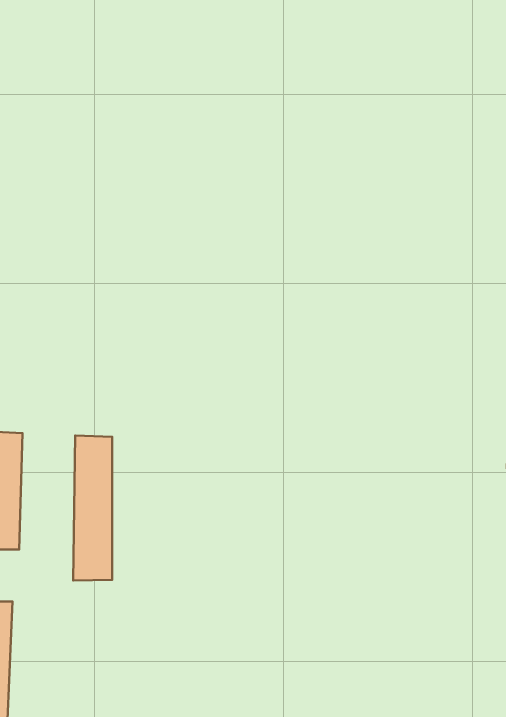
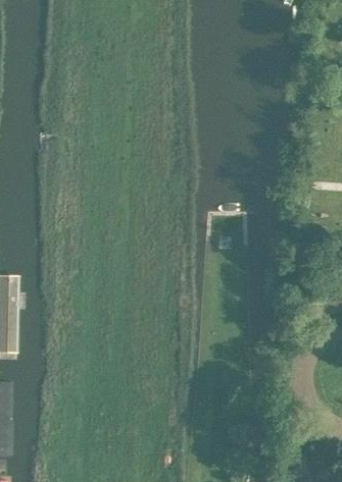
building: [73,436,112,581] -> none

